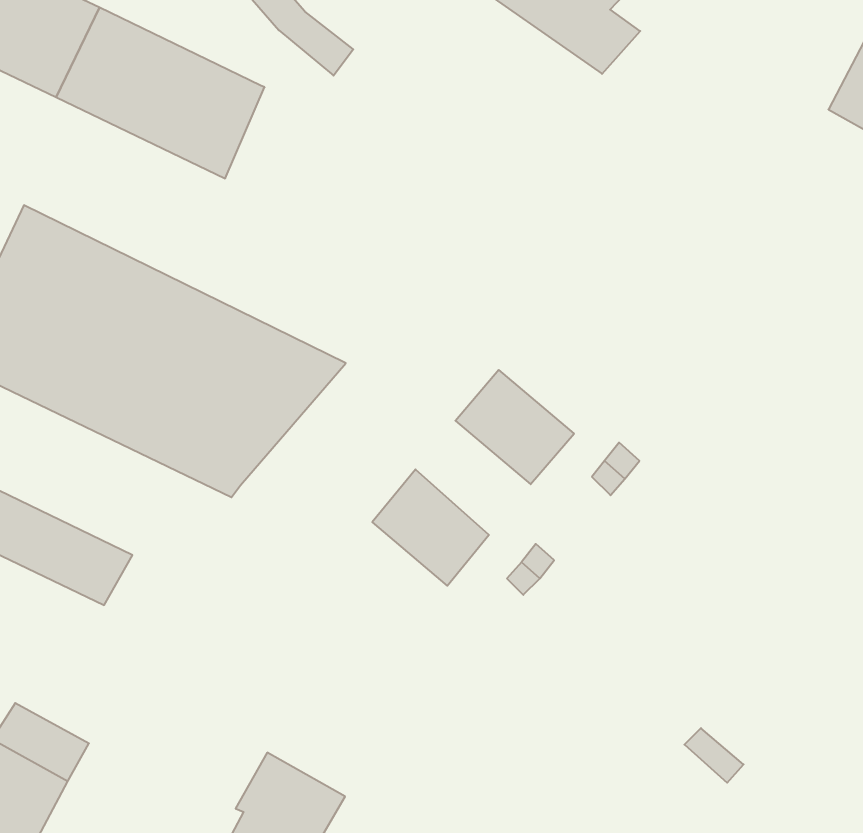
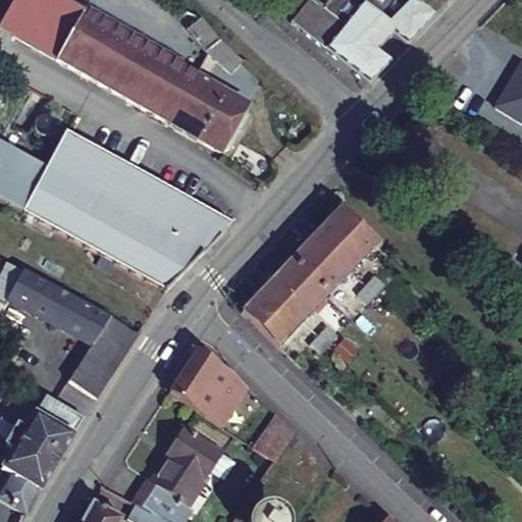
building: none -> [174,75,250,148]
building: none -> [313,205,375,267]
building: none -> [266,257,326,318]
building: none -> [73,318,140,397]
building: none -> [169,346,248,425]
building: none -> [253,411,297,460]

